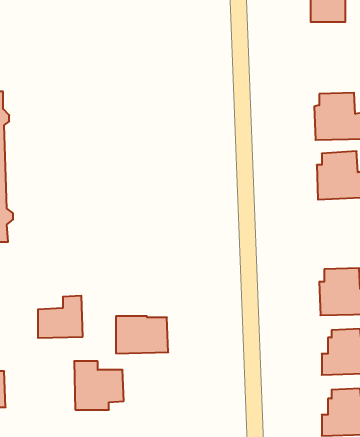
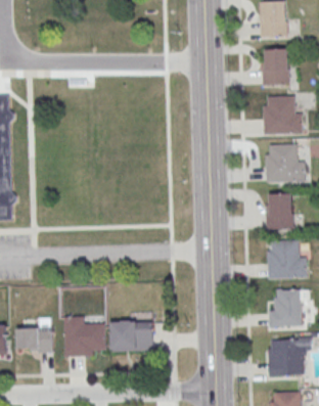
building: none -> [261,48,288,84]
building: none -> [265,193,293,229]
building: [38,296,83,338] -> [16,318,53,353]
building: [116,316,168,353] -> [111,320,154,351]

